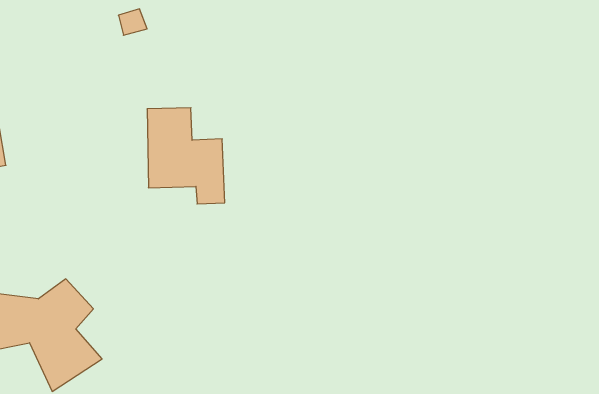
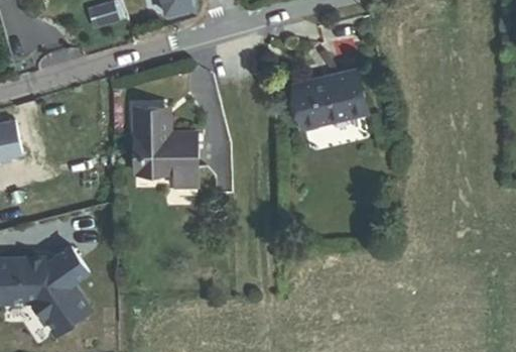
building: none -> [294,70,367,127]

